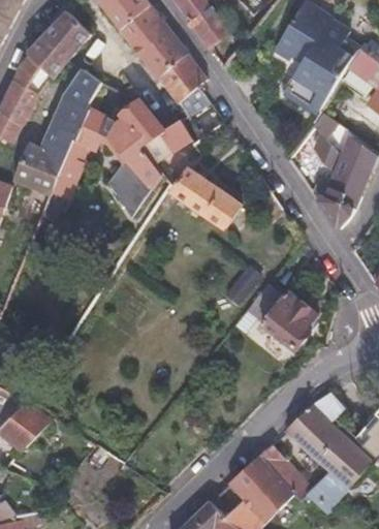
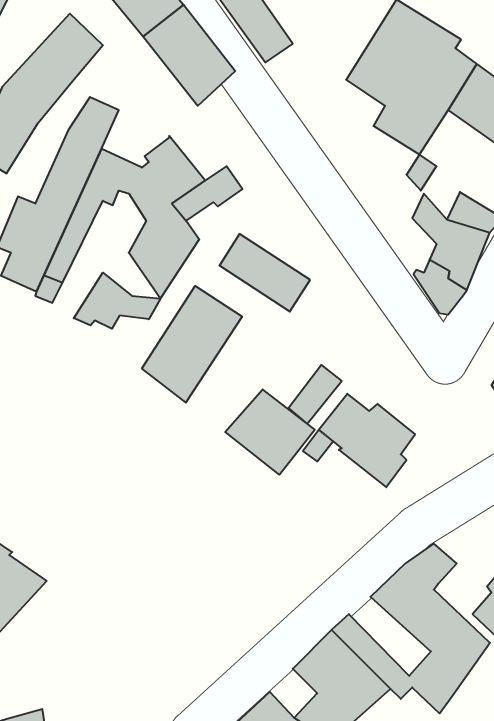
building: [159,52,207,101] -> none
building: none -> [74,273,160,329]
building: none -> [142,286,242,403]
building: none -> [225,389,315,475]

